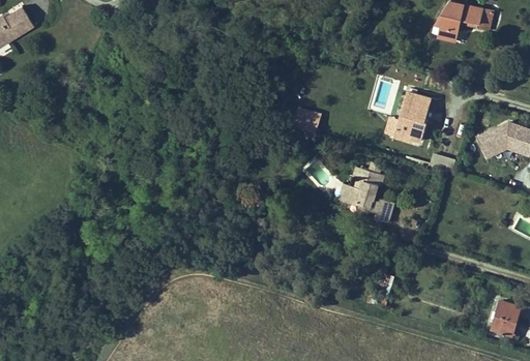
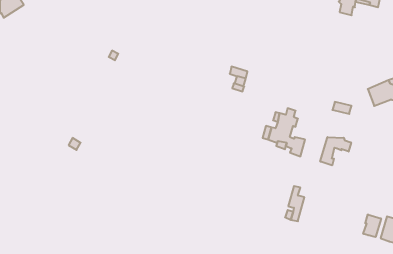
building: [394,92,432,142] -> none
building: none -> [320,137,351,165]
building: none -> [363,214,381,237]

